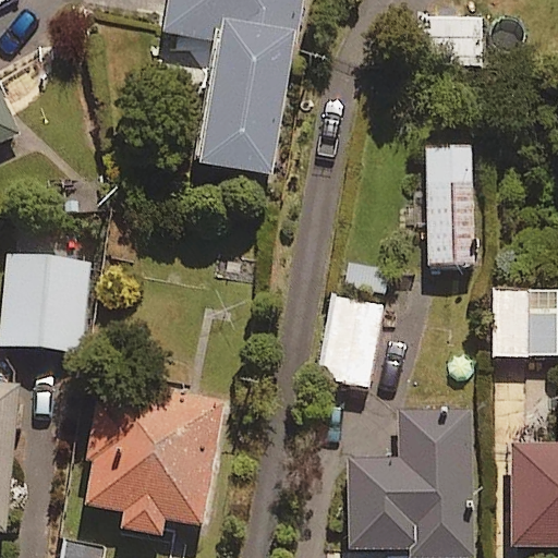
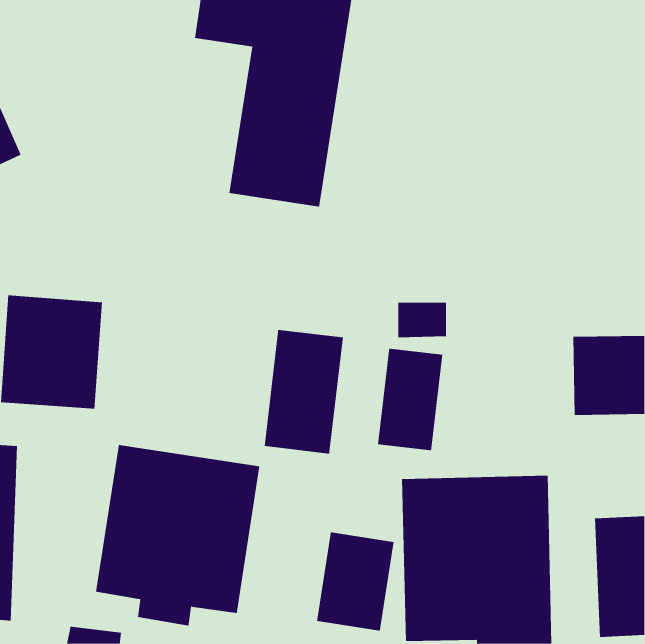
building: [425,146,475,264] -> none
building: none -> [264,329,343,454]
building: none -> [316,532,394,632]

